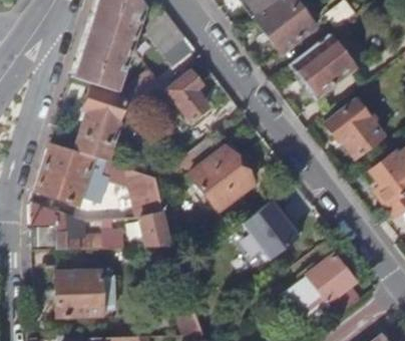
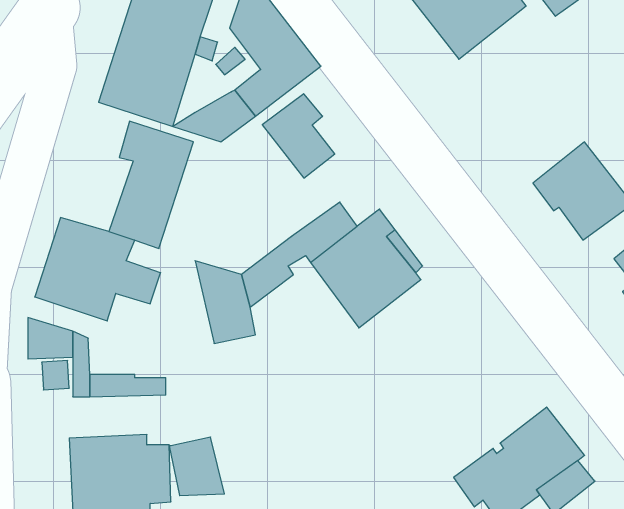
building: [290,33,358,99] -> none
building: [230,198,303,268] -> none
building: [139,213,171,247] -> [169,437,224,496]

